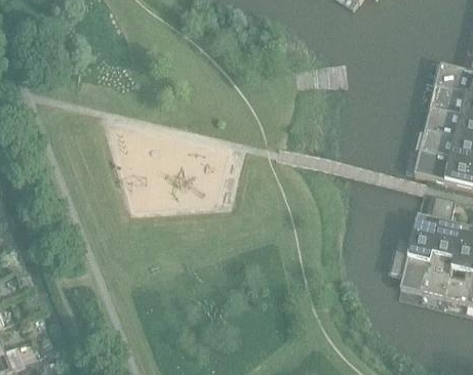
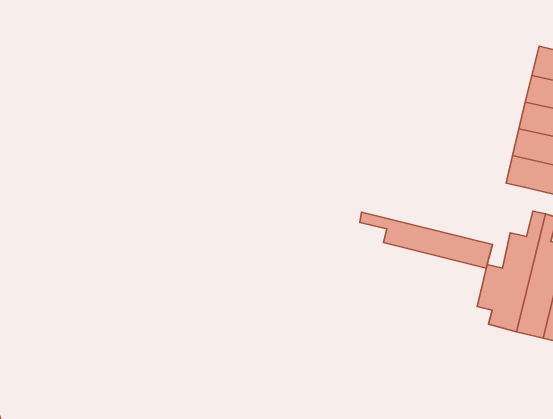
building: none -> [360,212,492,268]

